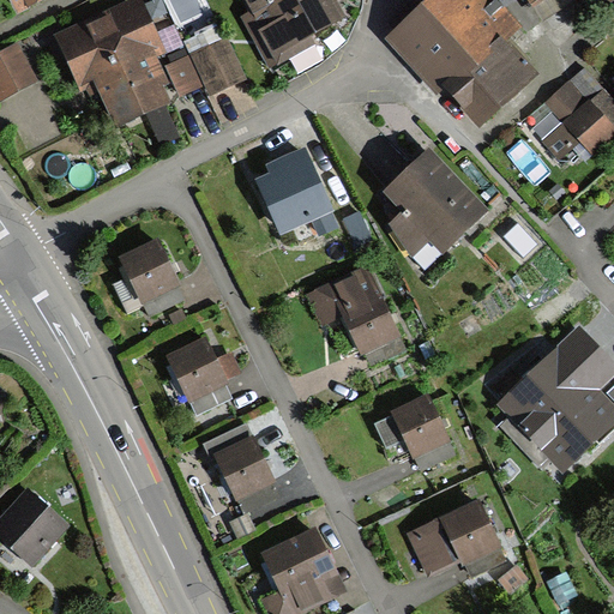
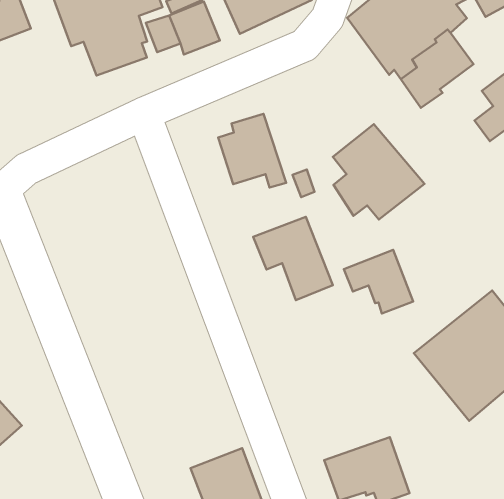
building: [114,239,181,313] -> none
building: [163,336,241,414] -> none
building: [374,397,455,469] -> [344,250,413,314]
building: [203,423,278,511] -> none

